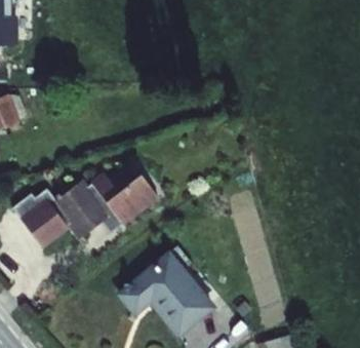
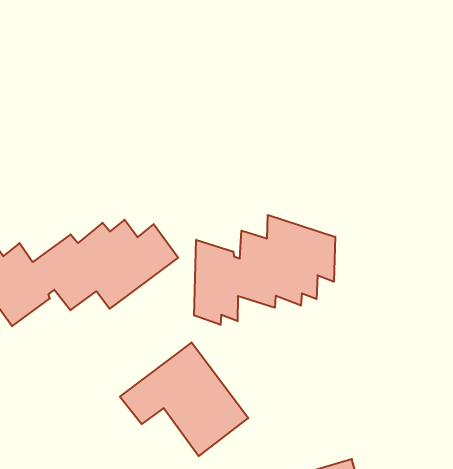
building: none -> [194,215,335,325]

